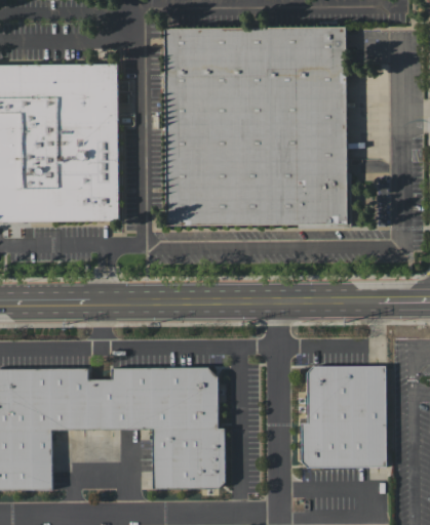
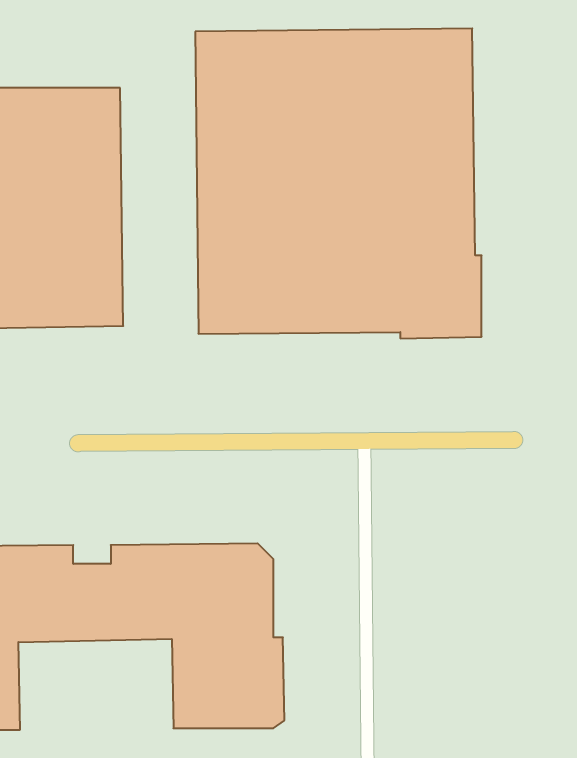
building: [300,365,385,468] -> none

